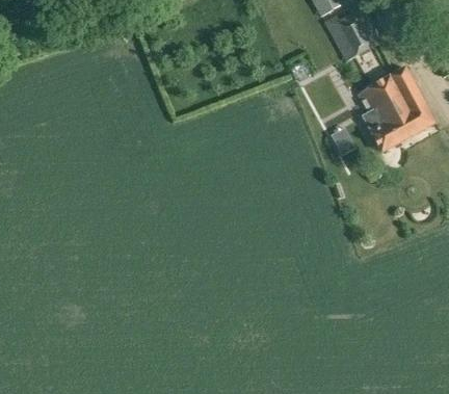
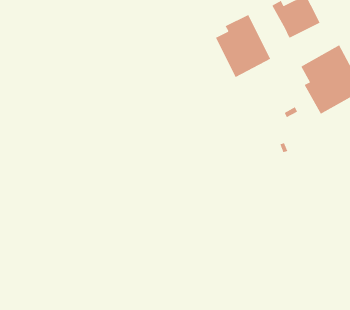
building: none -> [215,14,271,78]

